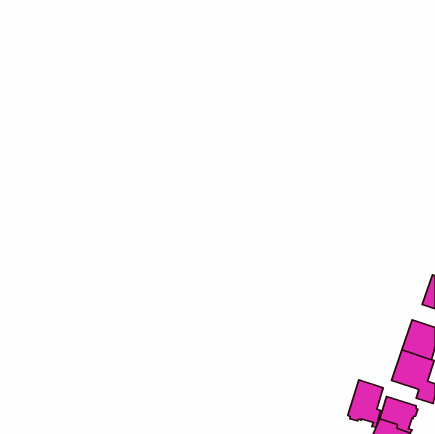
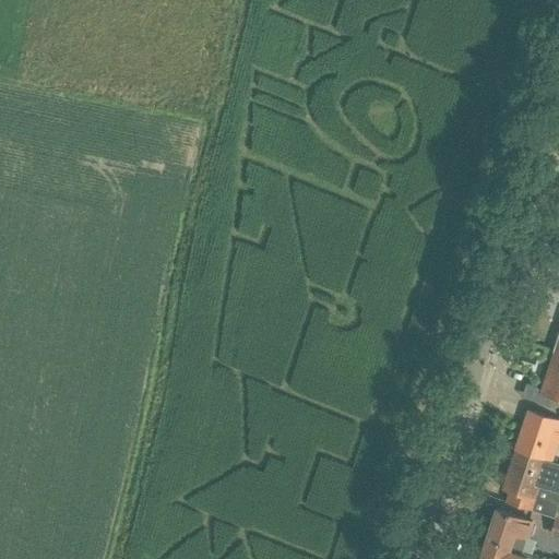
building: [348,380,383,427] -> none

